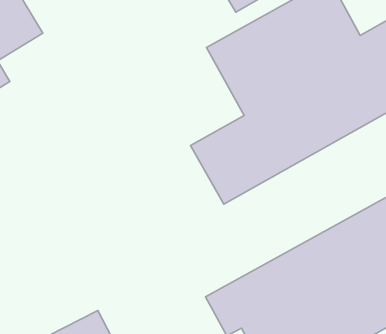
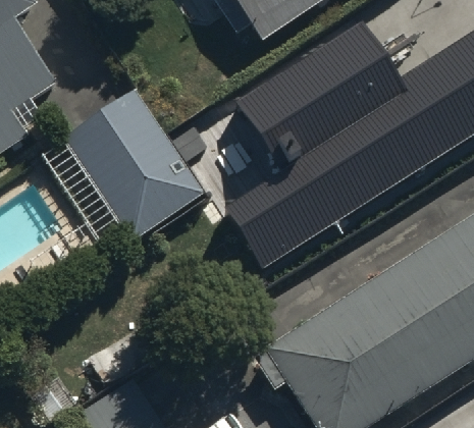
building: none -> [68,95,203,242]

